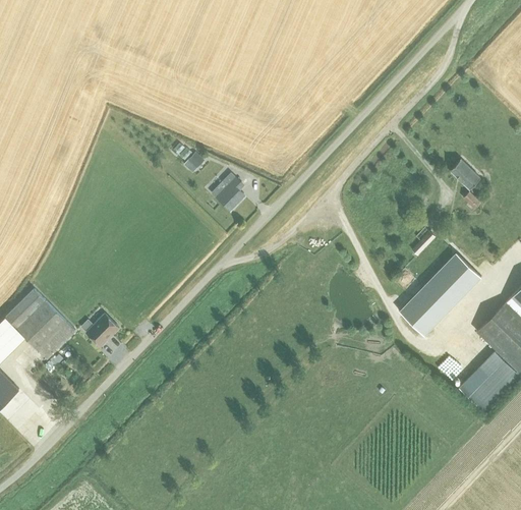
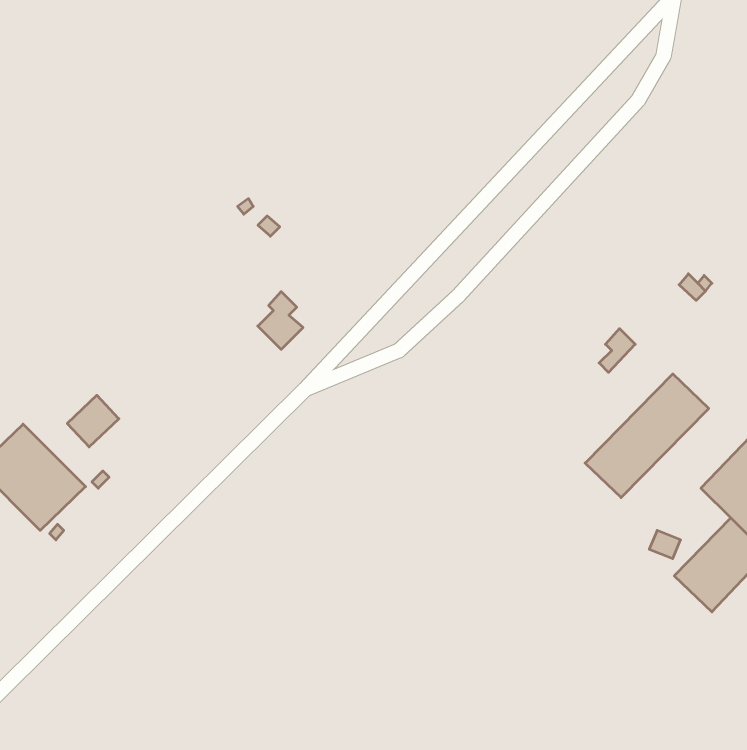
building: [449,158,479,188] -> none
building: [215,172,244,210] -> [258,292,303,349]
building: [86,313,120,346] -> [67,395,119,447]

